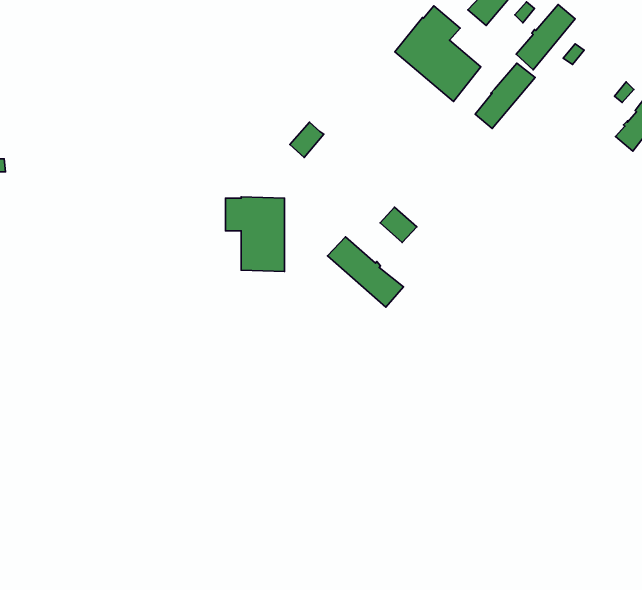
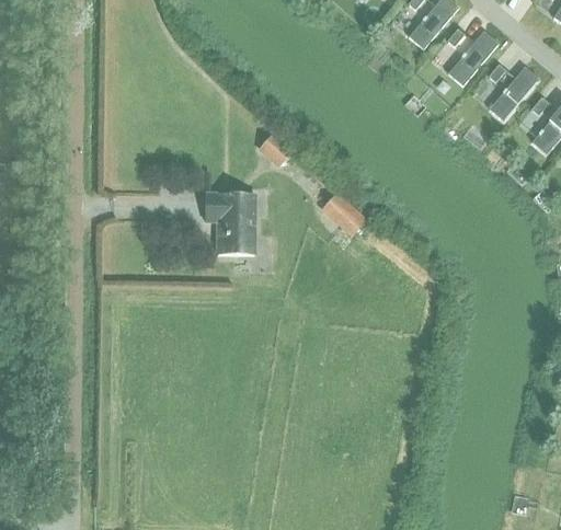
building: [395,6,481,101] -> none
building: [475,63,535,128] -> [489,66,539,120]
building: [328,237,403,307] -> none

